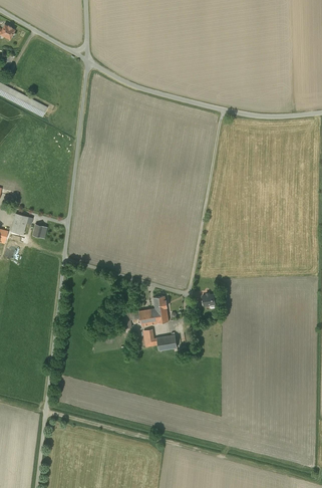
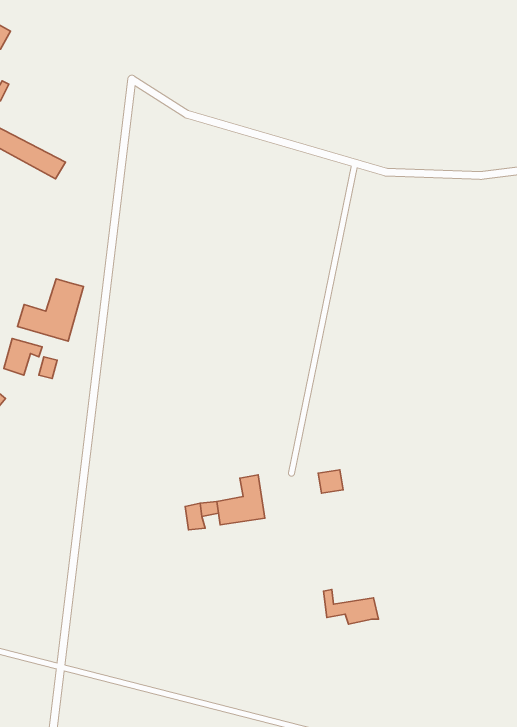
building: none -> [17,279,83,341]
building: [144,329,178,350] -> [324,589,378,624]

